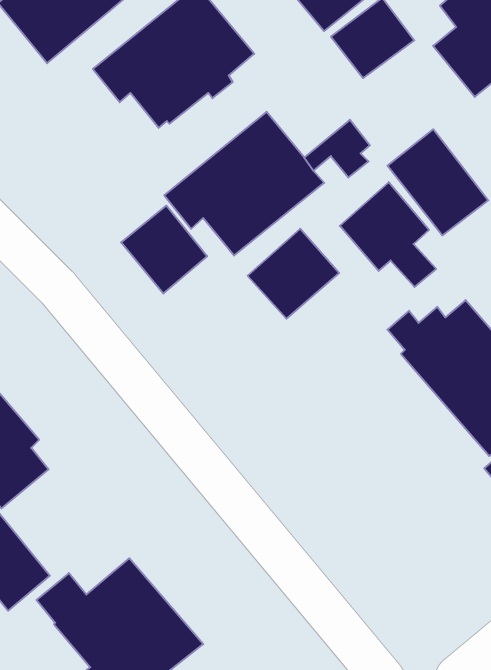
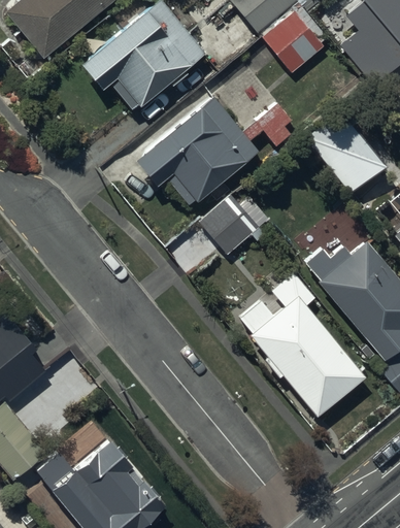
building: [340,182,436,287] -> none
building: [121,206,207,294] -> none
building: none -> [249,272,366,415]

